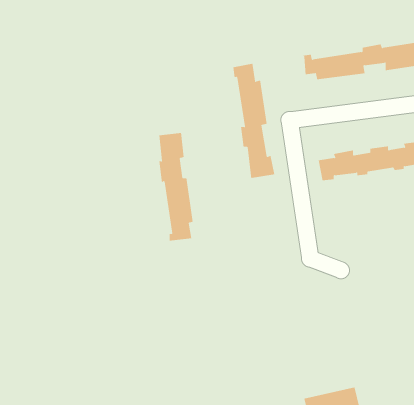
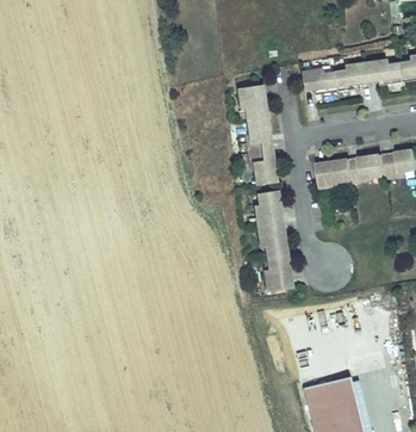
building: [159,133,193,241] -> [256,189,288,289]

